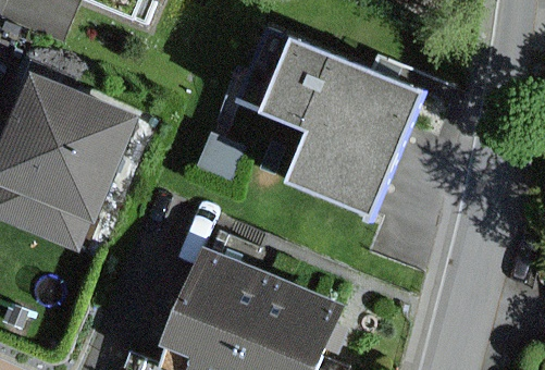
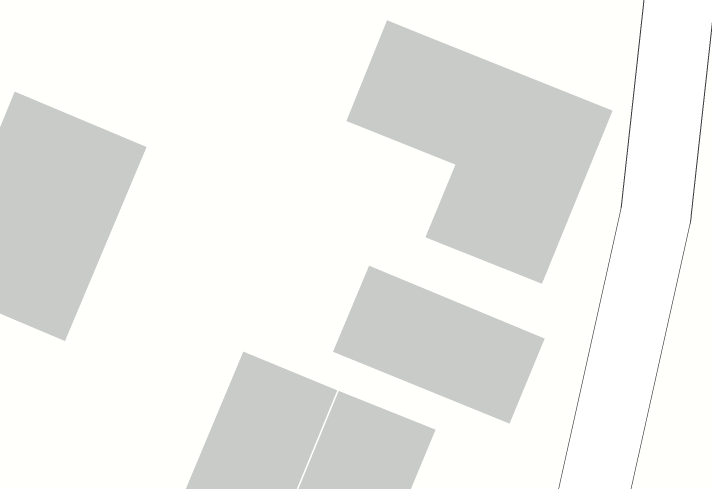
building: none -> [332,265,545,425]

